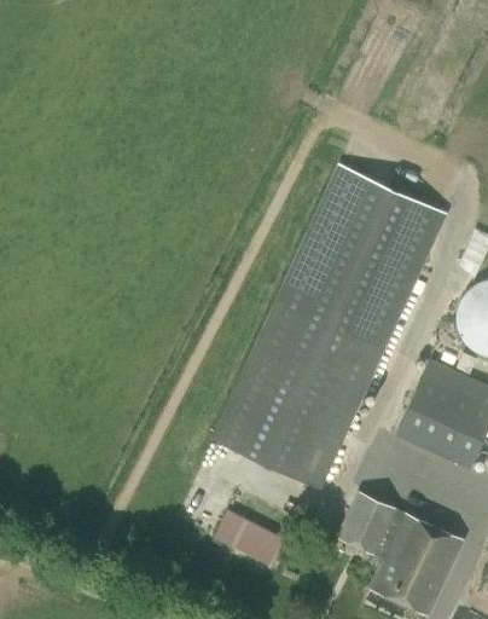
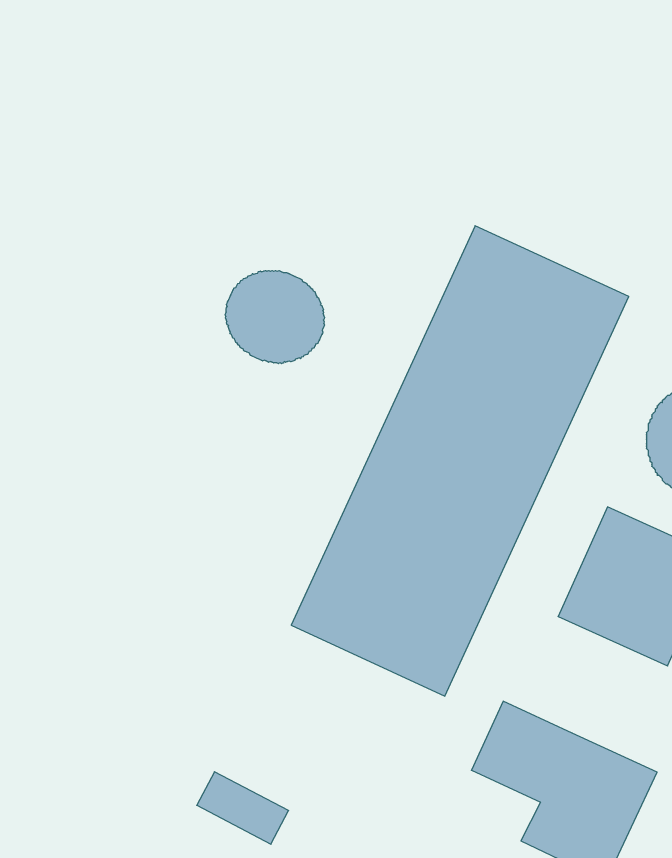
building: none -> [225,271,325,364]
building: [216,513,279,562] -> [197,772,289,844]

